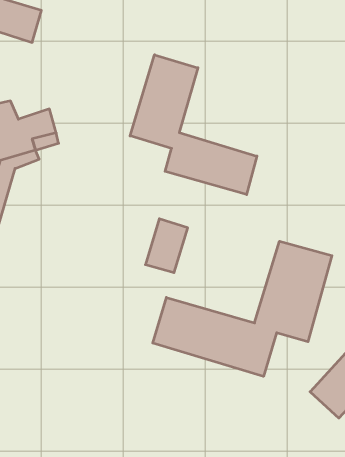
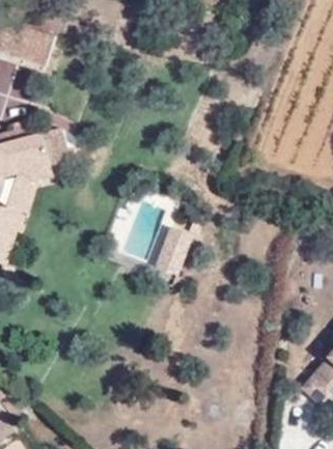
building: [130,55,257,195] -> none
building: [153,241,332,376] -> none

